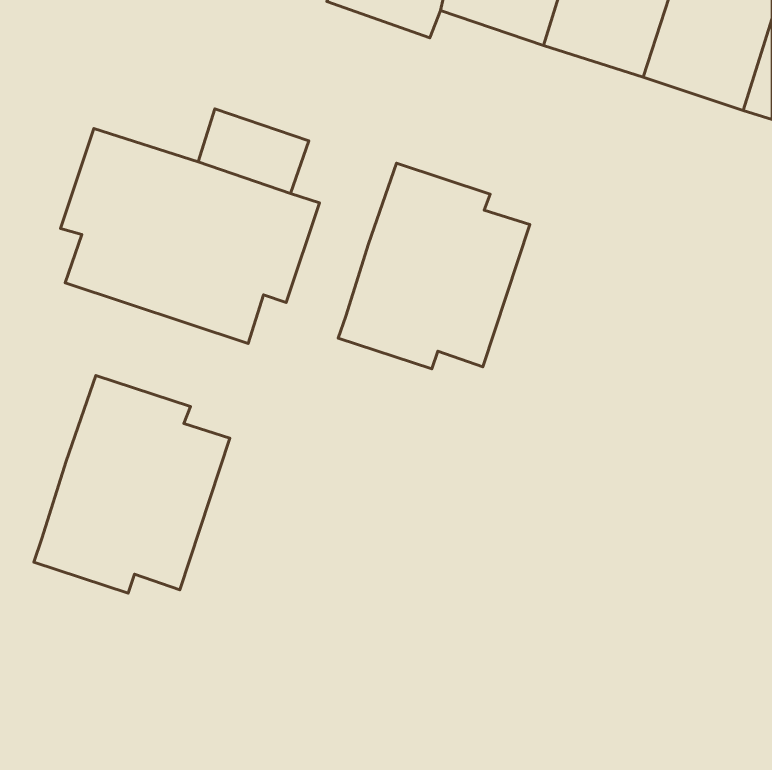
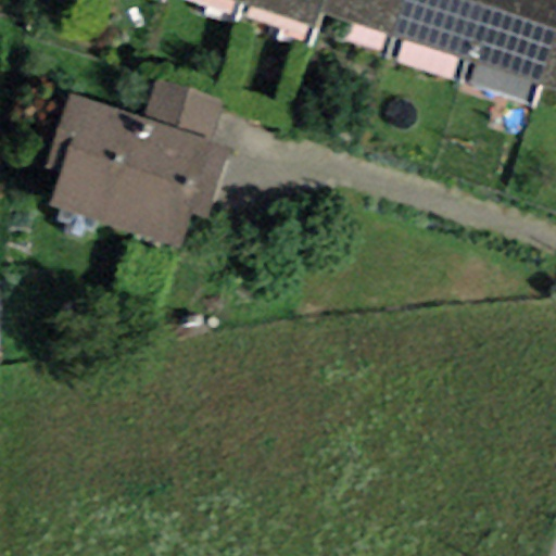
building: [338,163,530,369] -> none
building: [34,375,230,593] -> none

